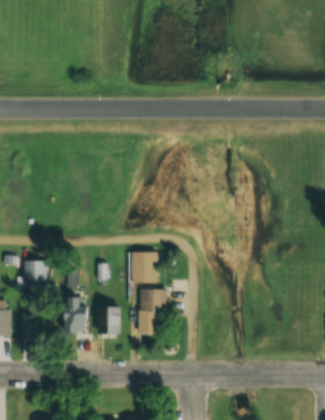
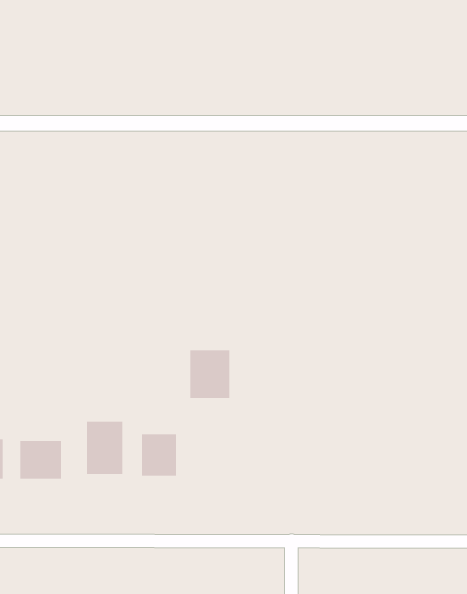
building: [26,260,48,290] -> none
building: [139,289,167,333] -> none

